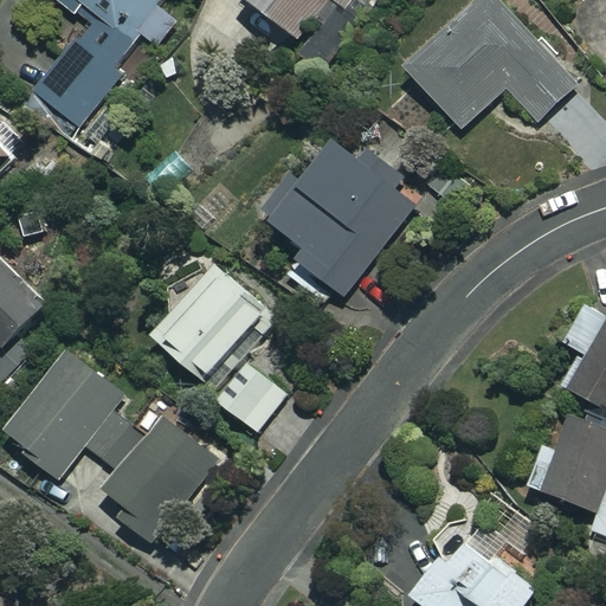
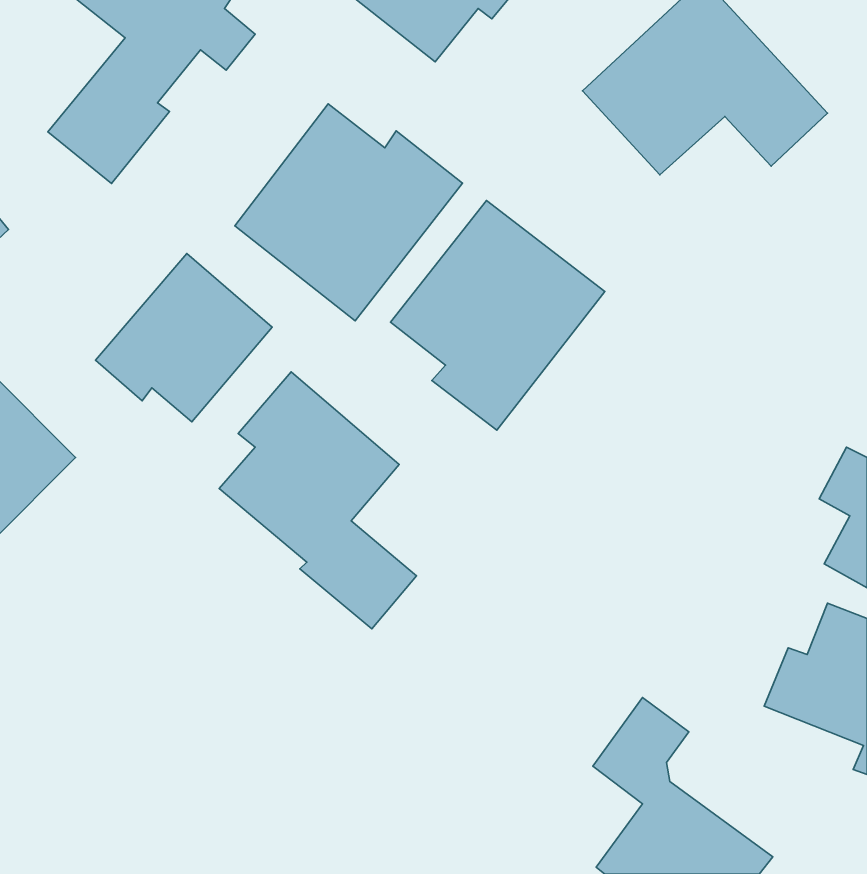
building: none -> [235,104,462,321]
building: none -> [95,253,272,422]
building: [5,348,218,543] -> none

